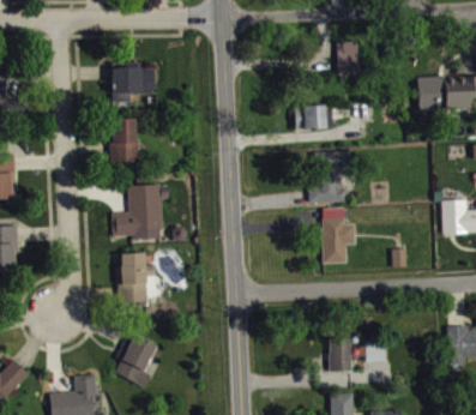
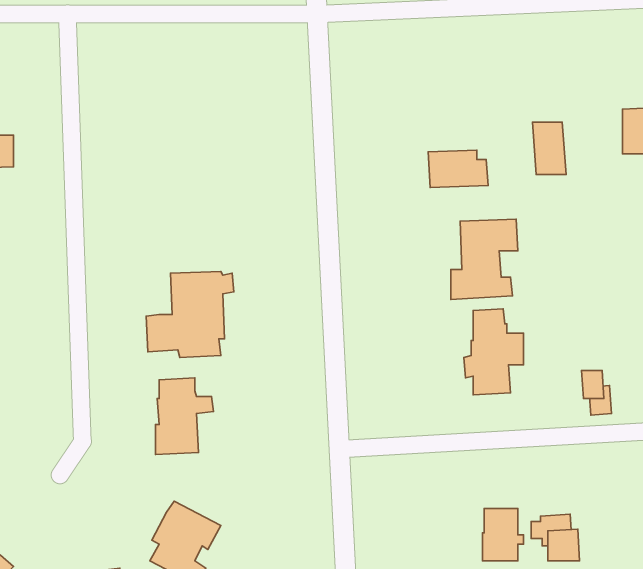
building: [337,41,358,74] -> [532,122,566,174]
building: [112,64,153,102] -> none
building: [109,116,139,160] -> none

